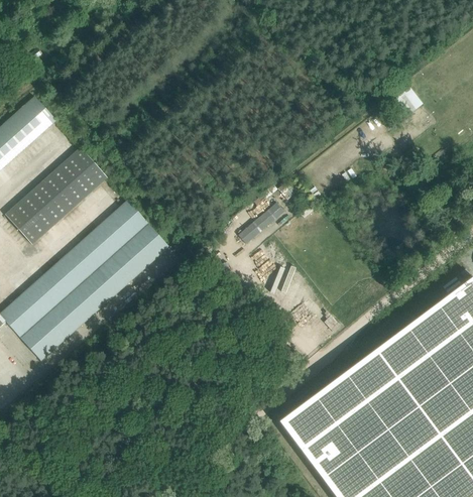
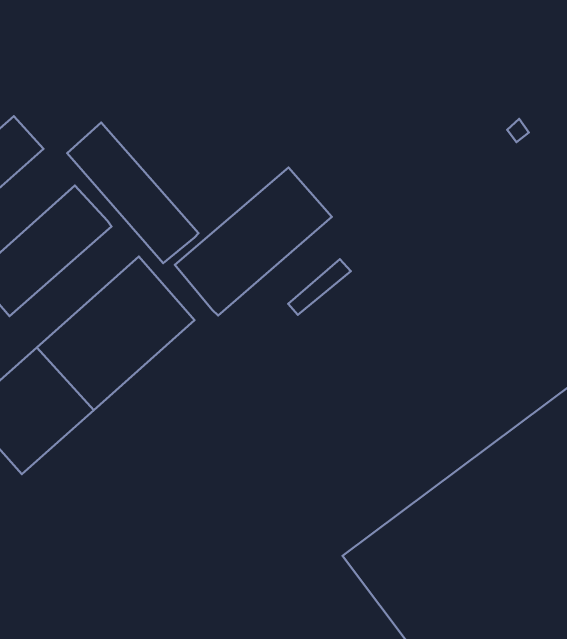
building: none -> [67,122,198,263]
building: none -> [175,168,332,316]

